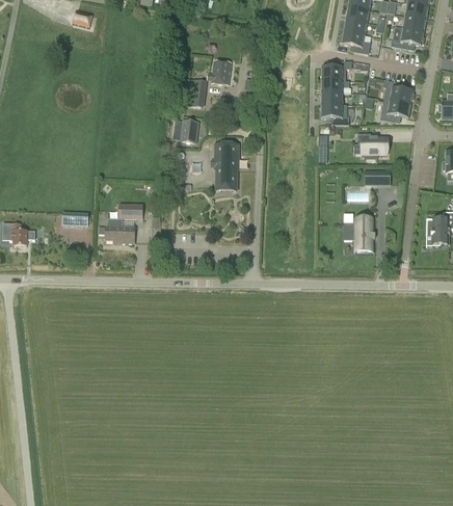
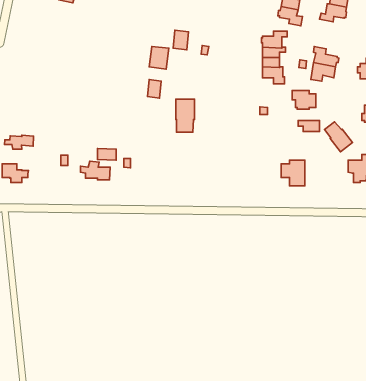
building: none -> [324,122,352,152]
building: none -> [4,135,33,149]

